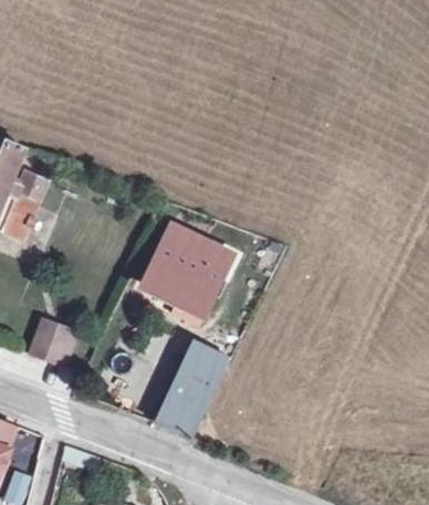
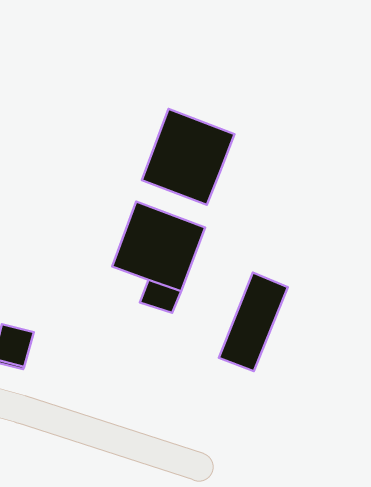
building: none -> [142,109,235,205]
building: [156,340,226,431] -> [219,272,288,371]

